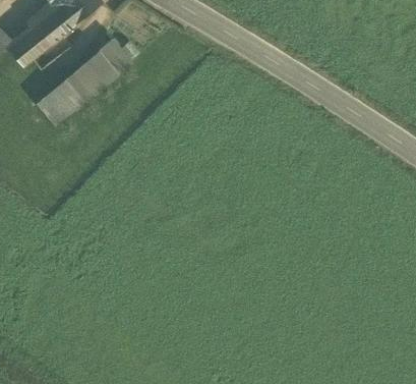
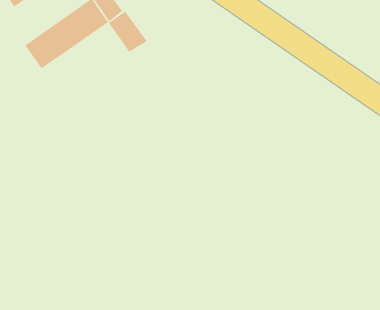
building: none -> [108,11,148,53]

